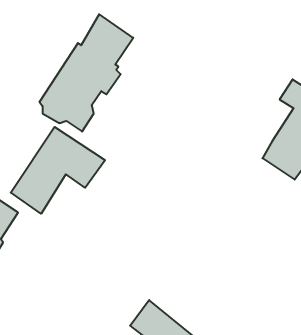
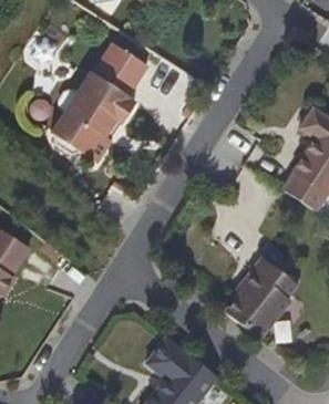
building: [11,127,105,214] -> none
building: none -> [225,258,295,338]

